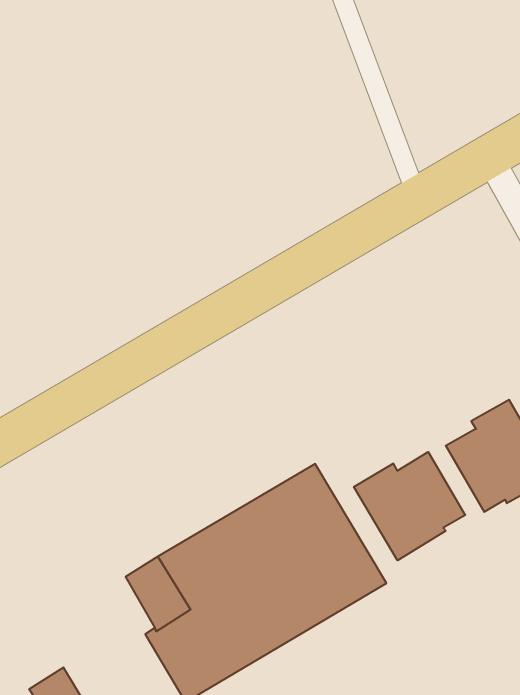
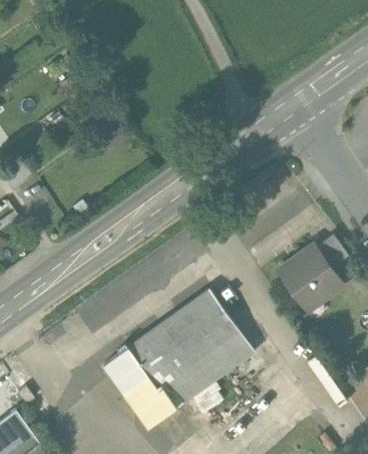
building: [354,452,465,560] -> none

